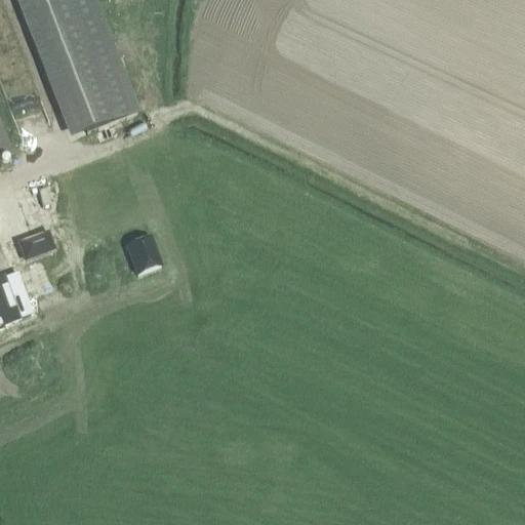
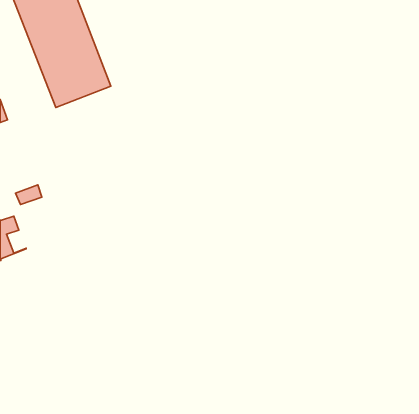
building: [127,234,161,272] -> none

